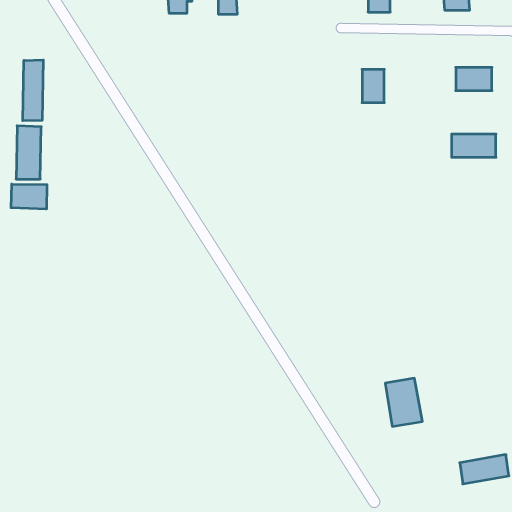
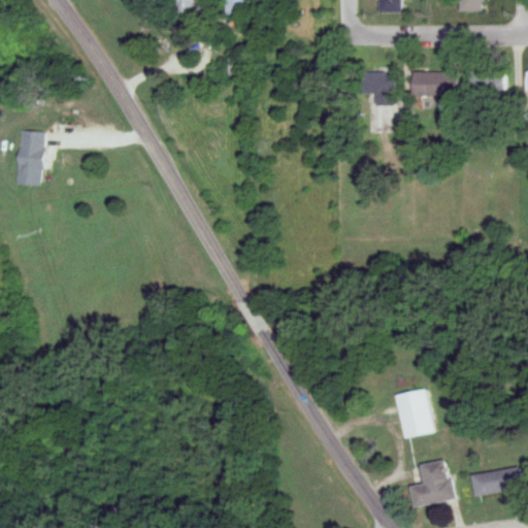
building: [23,60,43,121] -> none
building: [452,134,496,157] -> [410,70,456,94]
building: [11,184,47,209] -> none
building: none -> [408,459,454,506]

